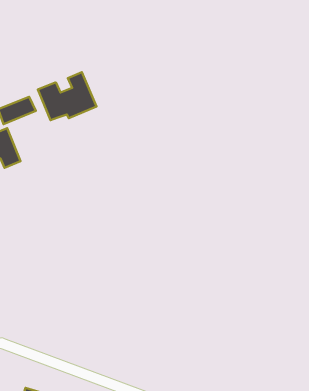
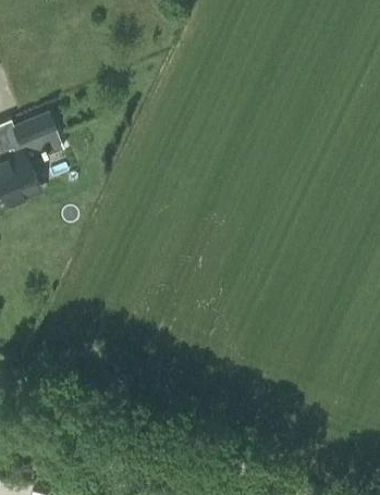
building: [38,72,96,120] -> none

